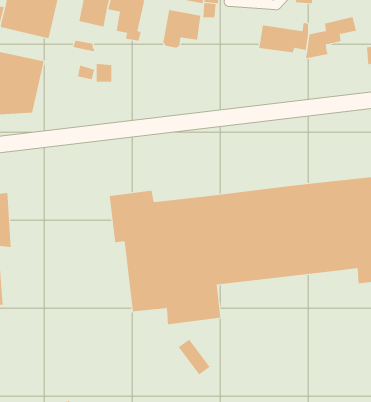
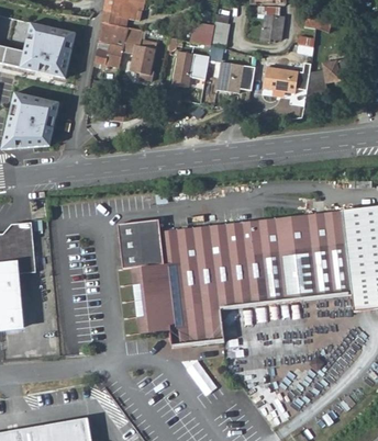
building: none -> [215,61,254,93]

